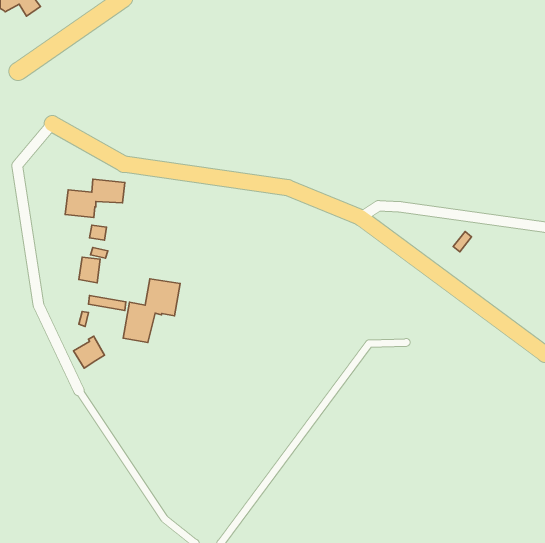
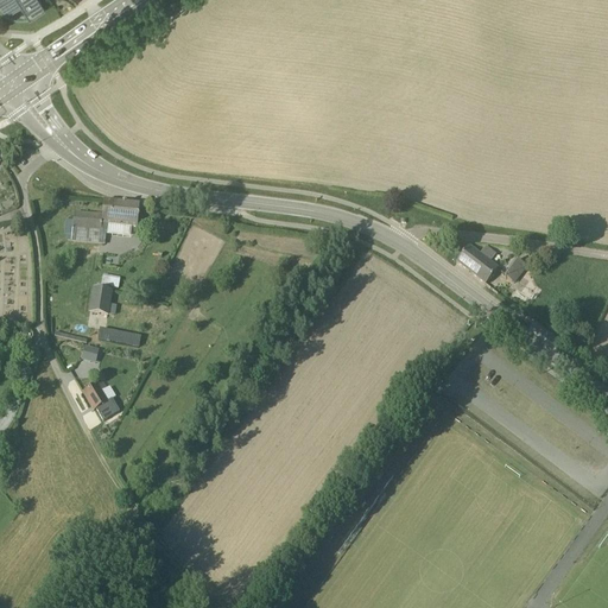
building: none -> [456,245,498,283]
building: [123,279,180,343] -> none

